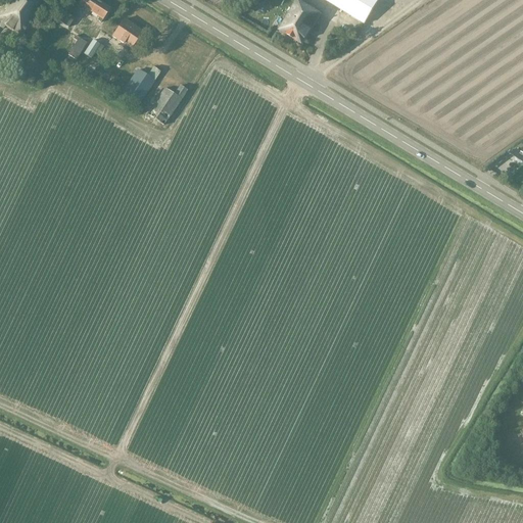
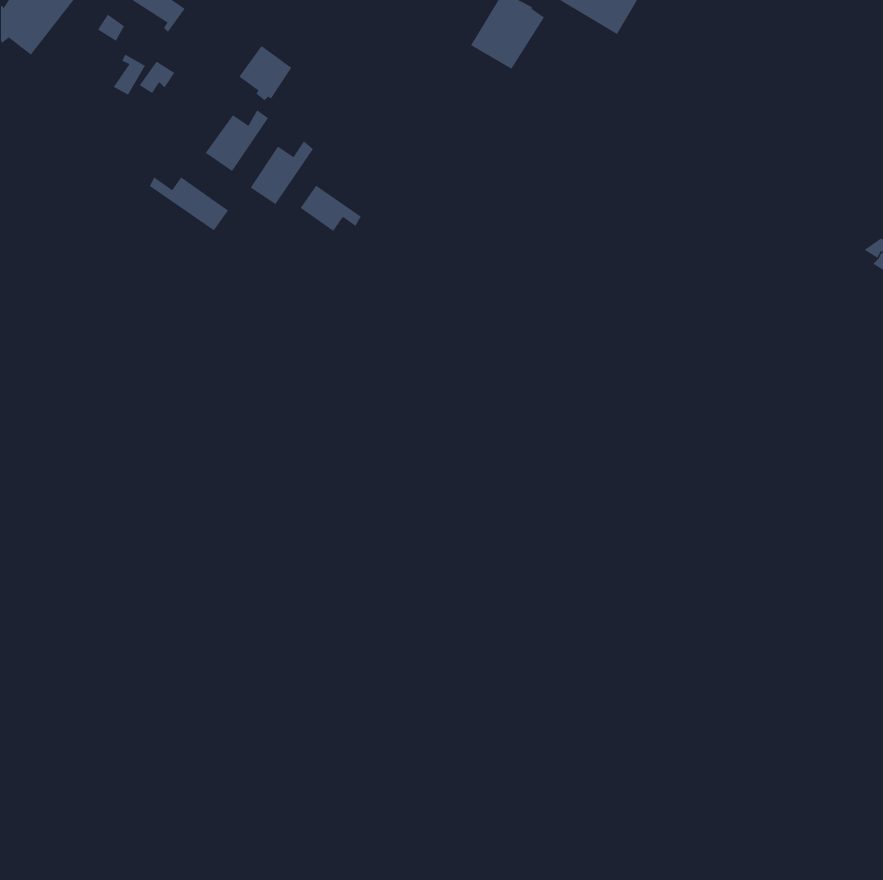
building: [112,14,144,47] -> [239,45,292,101]
building: none -> [149,177,229,231]
building: none -> [300,185,361,232]

